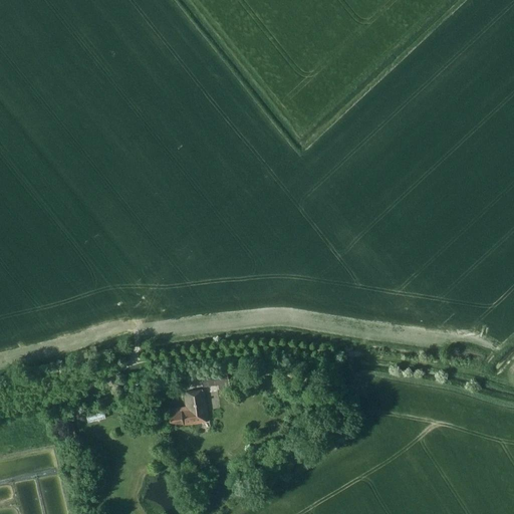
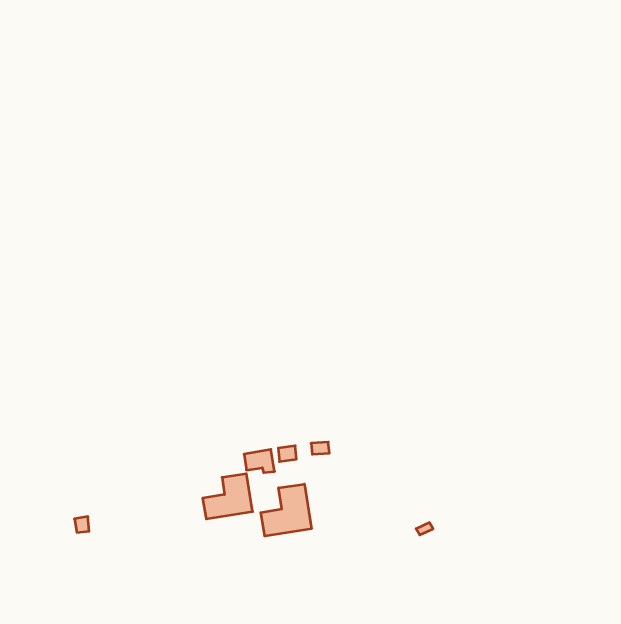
building: none -> [261,484,311,536]

